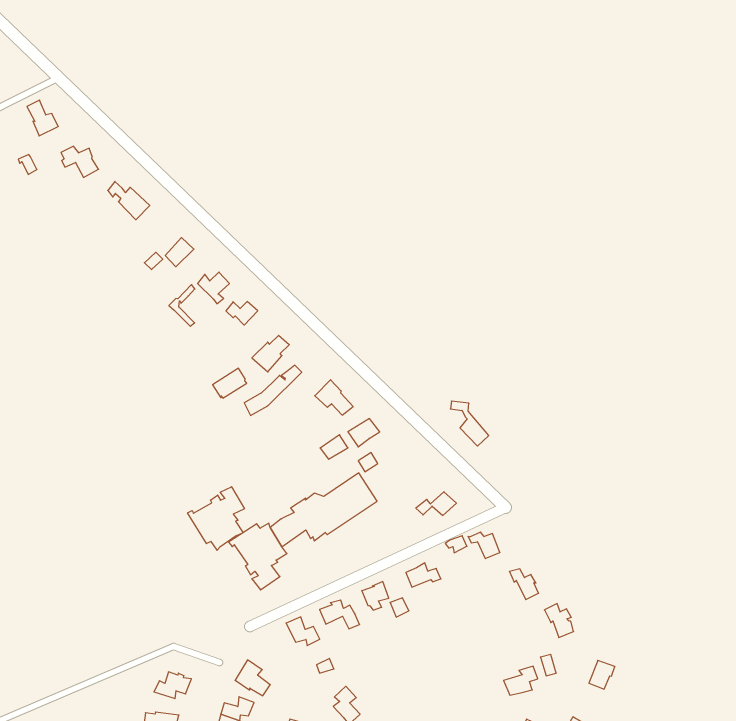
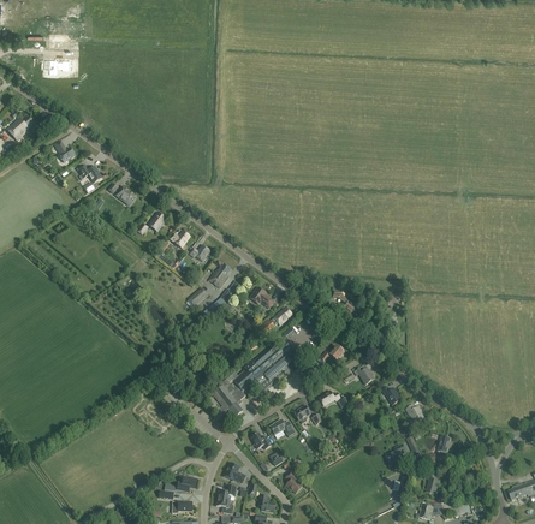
building: [188,487,244,550] -> none

